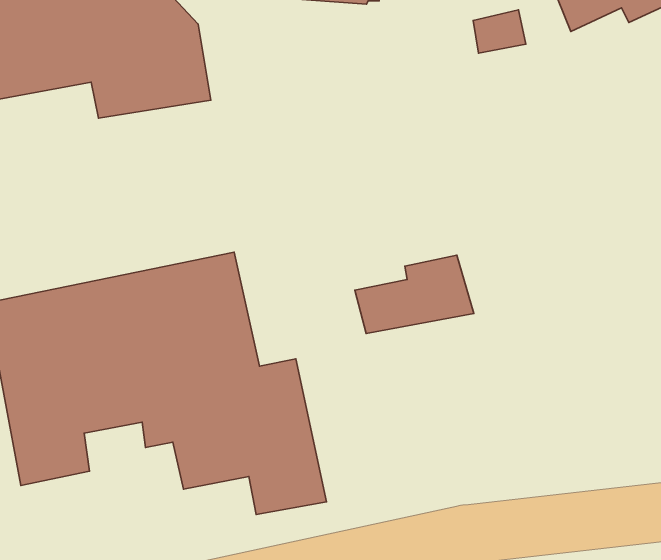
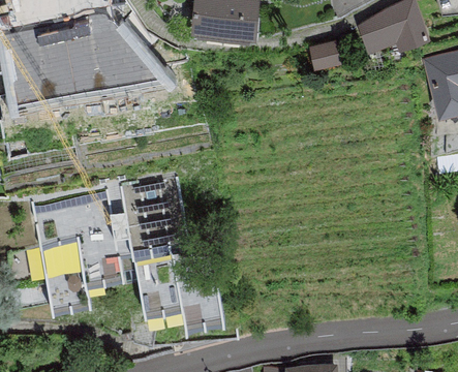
building: [355,255,474,334] -> none

